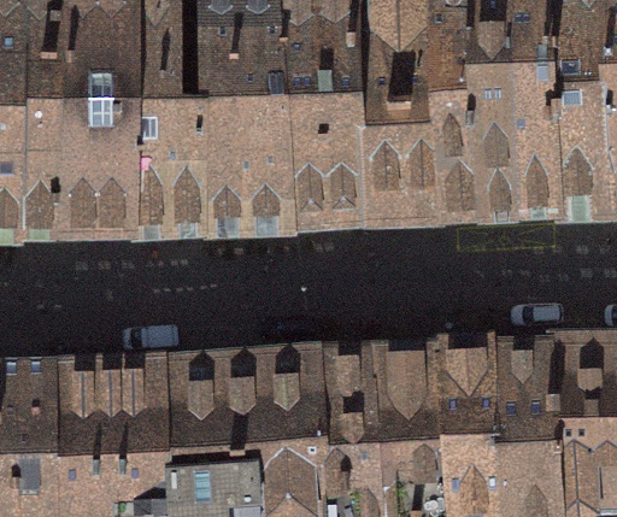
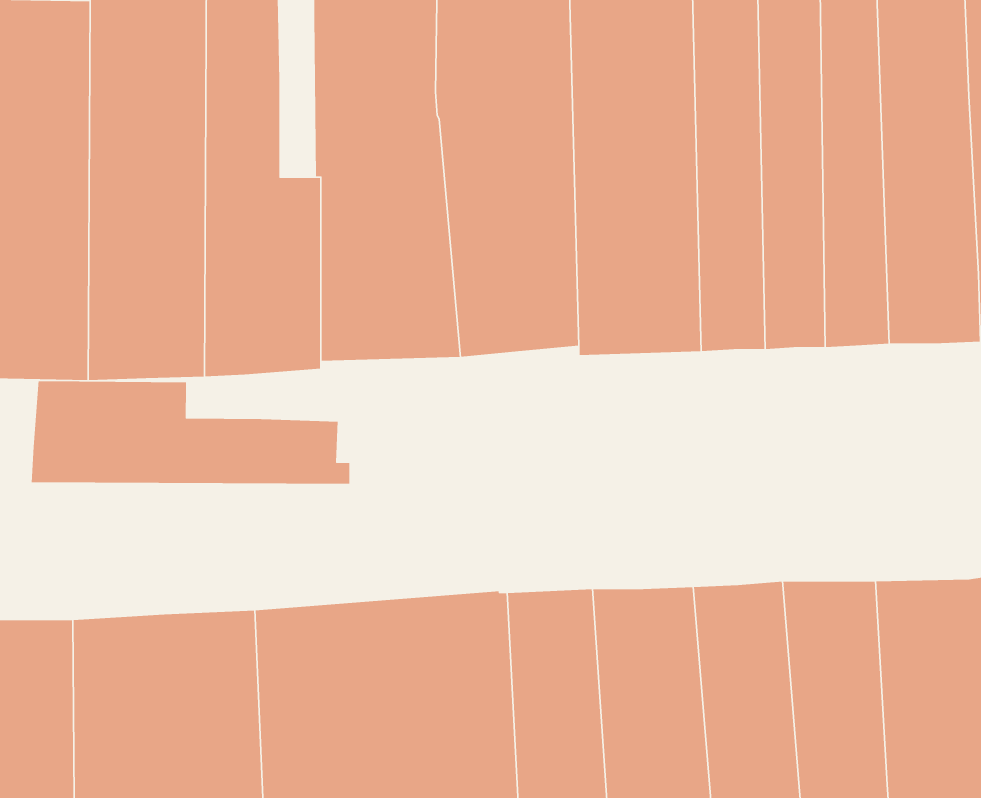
building: none -> [31,380,350,484]

